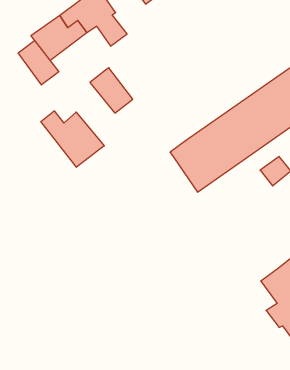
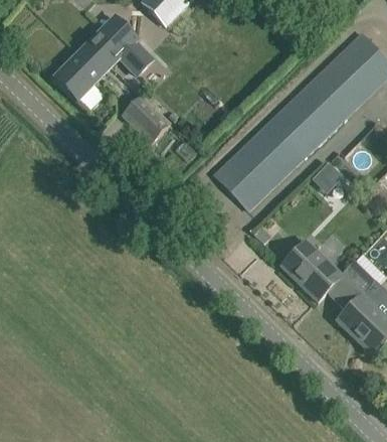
building: [18,41,59,85] -> none
building: [41,111,104,167] -> none
building: none -> [282,239,344,301]

